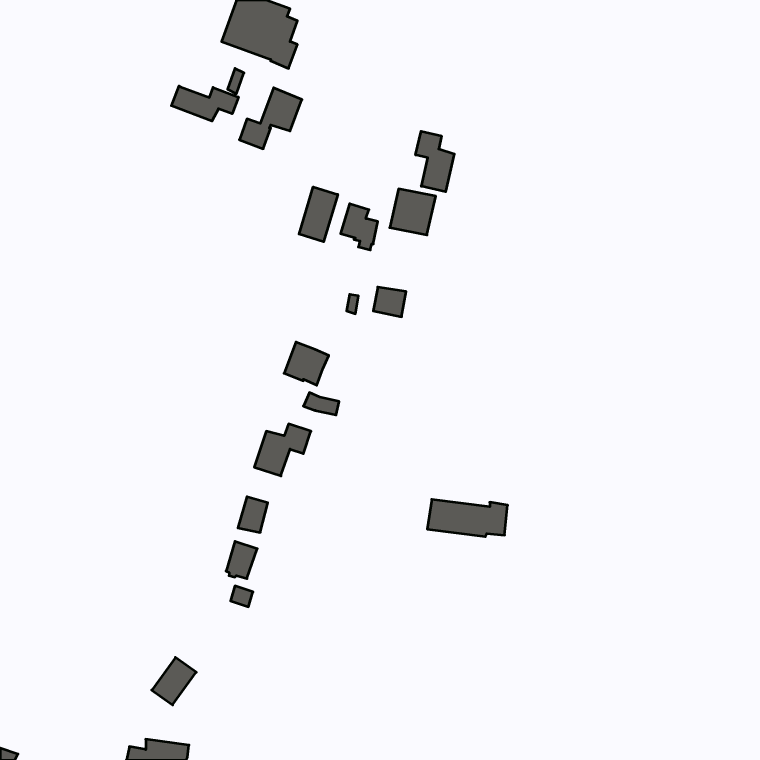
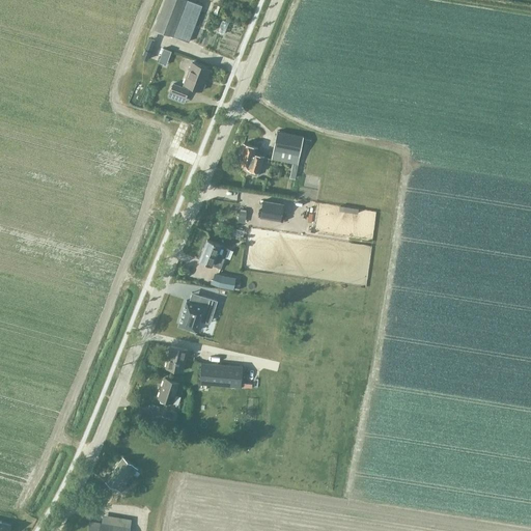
building: [171,86,238,121] -> none
building: [416,131,454,192] -> none
building: [299,187,338,242] -> none
building: [427,499,508,537] -> [199,364,255,390]

